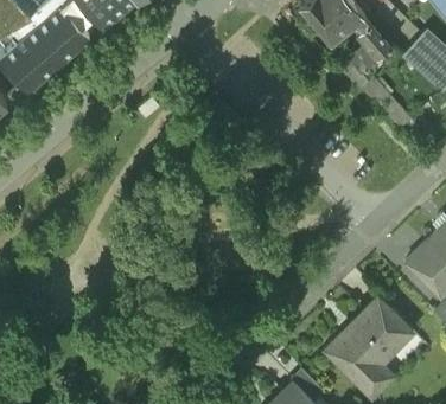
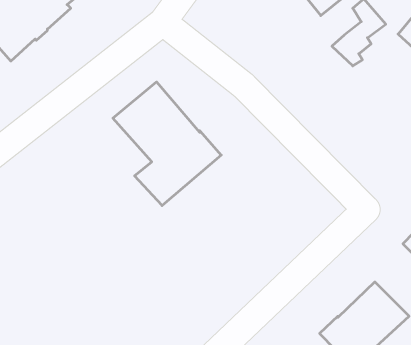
building: none -> [113,82,221,206]

